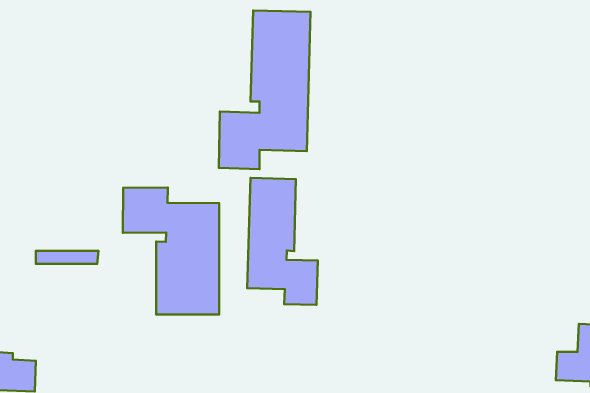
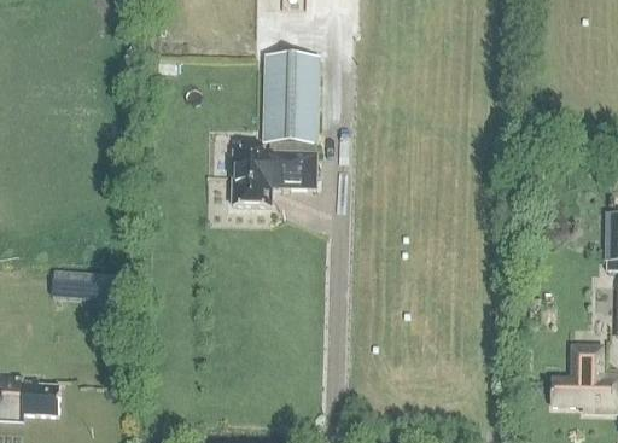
building: [247,178,318,305] -> none
building: [123,188,219,315] -> none

